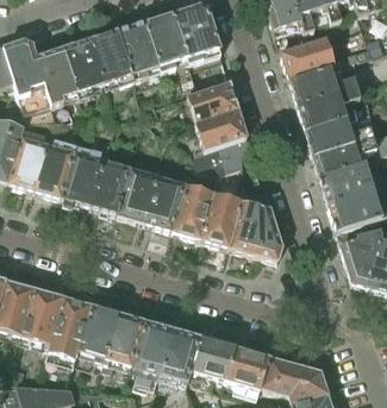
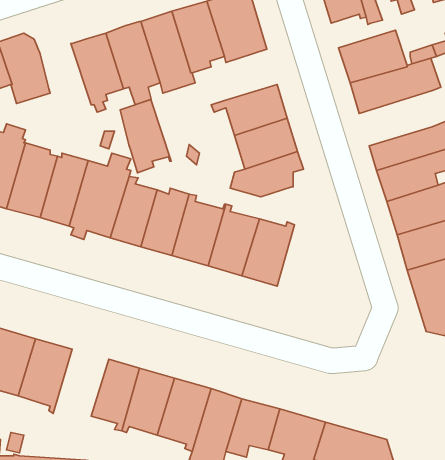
building: [37,48,79,107] -> [120,100,171,173]
building: [297,86,361,131] -> none
building: [230,195,281,258] -> none
building: [48,296,93,359] -> none

